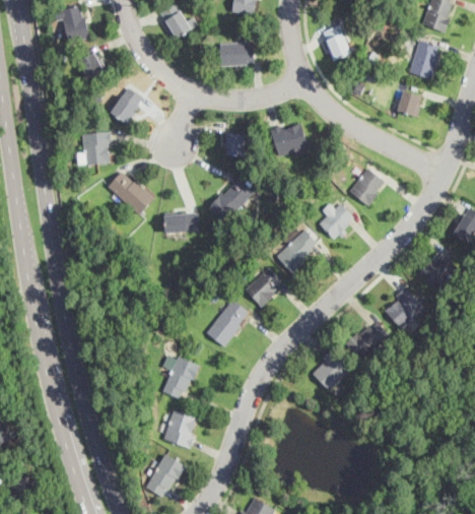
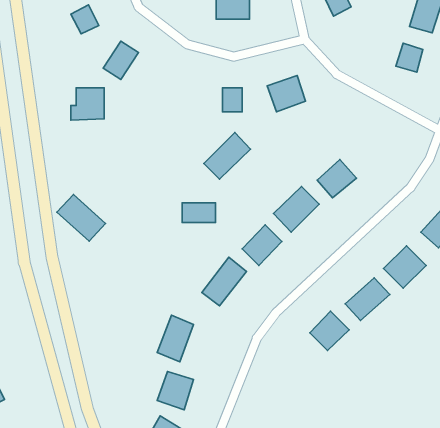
building: [349,168,387,206] -> none
building: [107,171,154,216] -> [57,194,106,241]
building: [165,213,198,233] -> [182,203,215,222]

